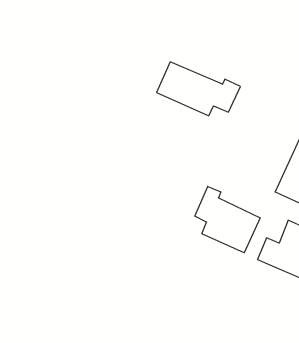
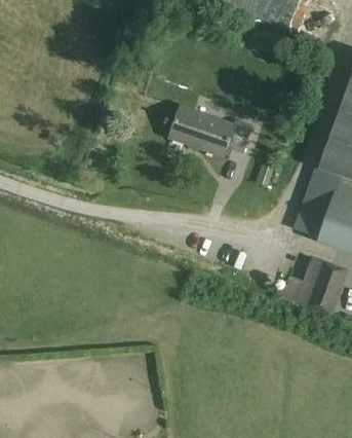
building: [195,186,260,253] -> none

